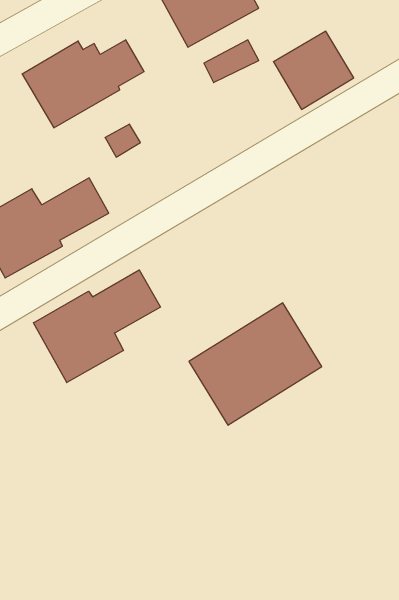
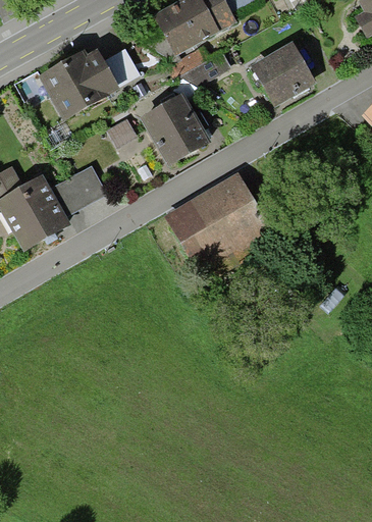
building: none -> [140,93,210,166]
building: [33,270,160,383] -> none
building: [189,303,322,425] -> [160,169,271,271]

